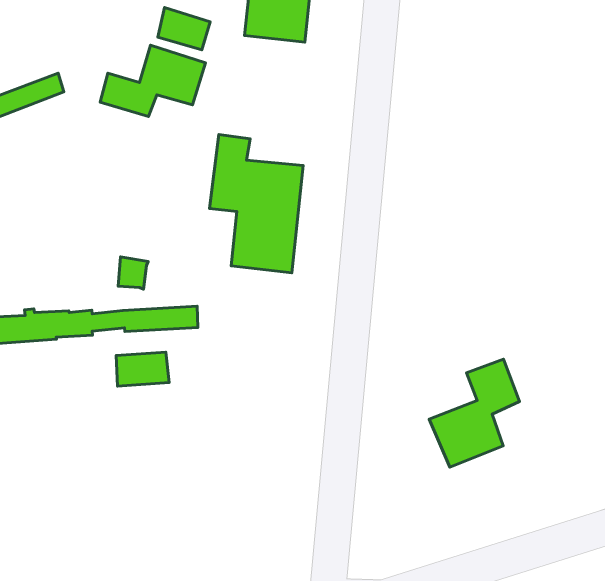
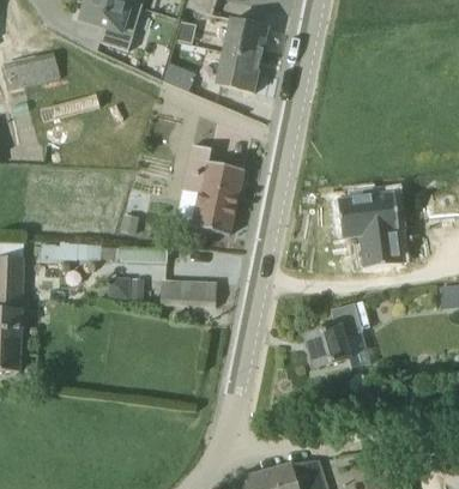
building: [100,45,205,116] -> none
building: none -> [339,185,404,264]
building: none -> [161,280,217,308]

